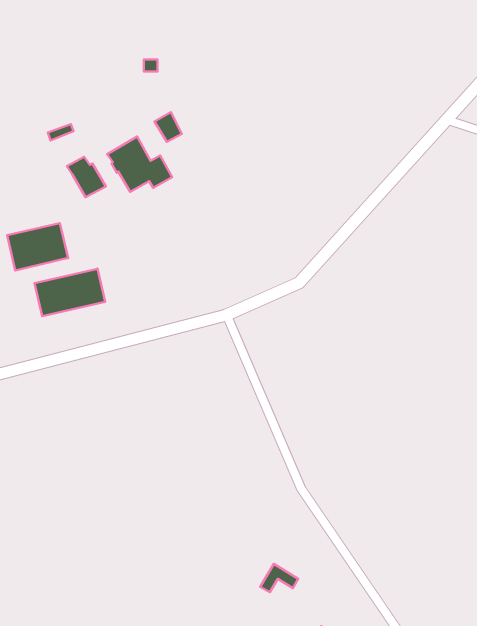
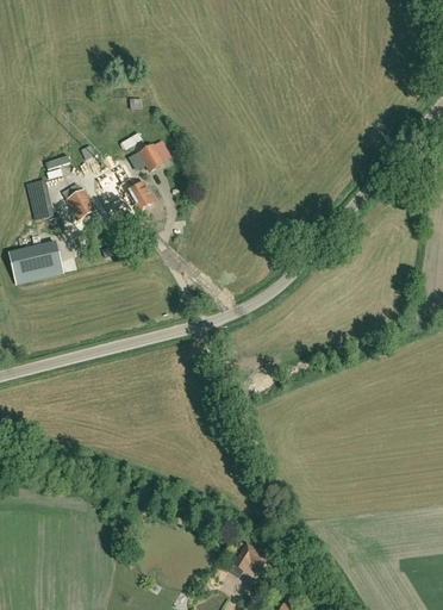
building: none -> [29,179,52,219]
building: [35,269,105,316] -> none

